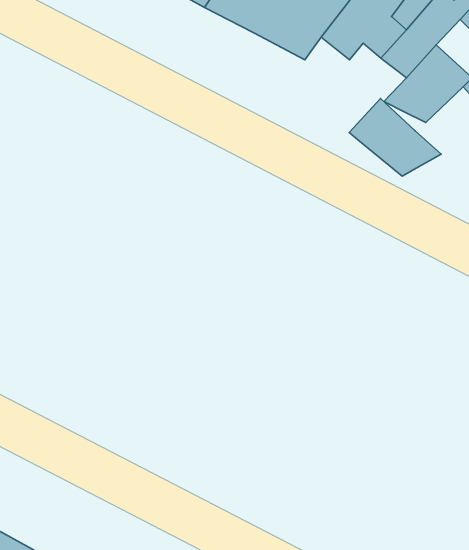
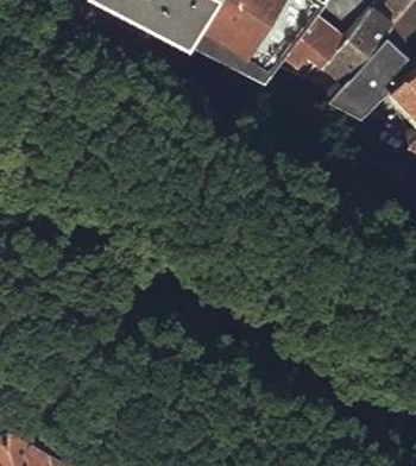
building: [349,98,441,176] -> none

